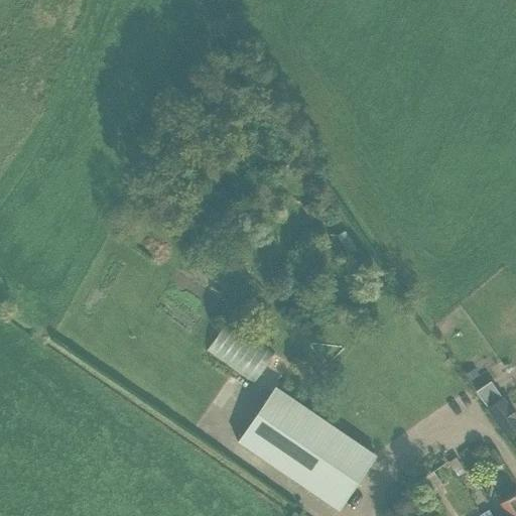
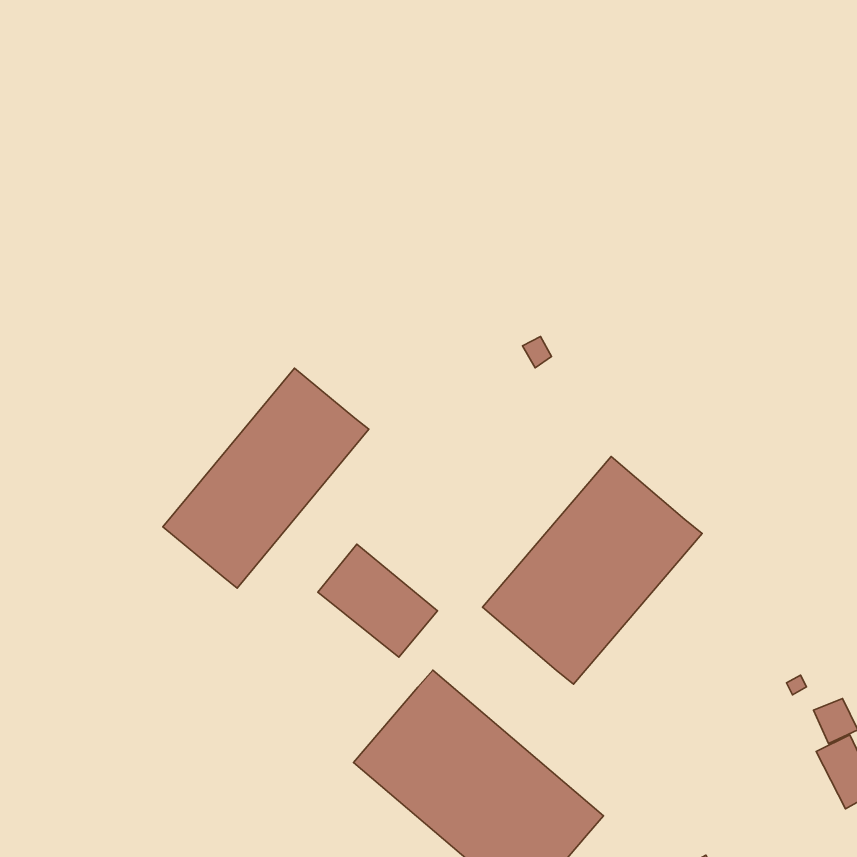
building: none -> [163,368,369,588]
building: none -> [482,457,702,684]

